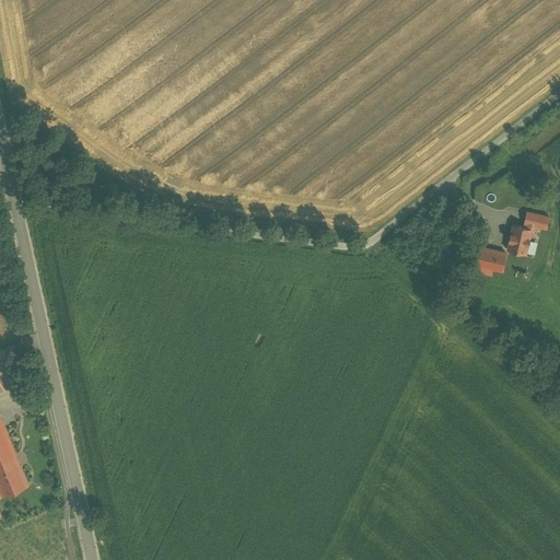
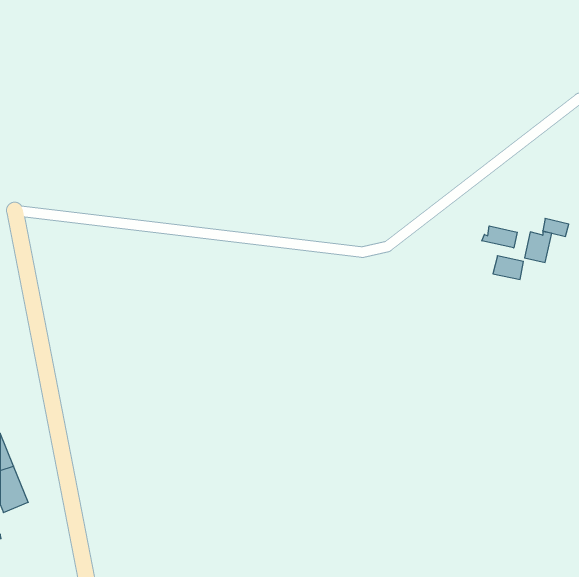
building: none -> [482,226,517,248]

